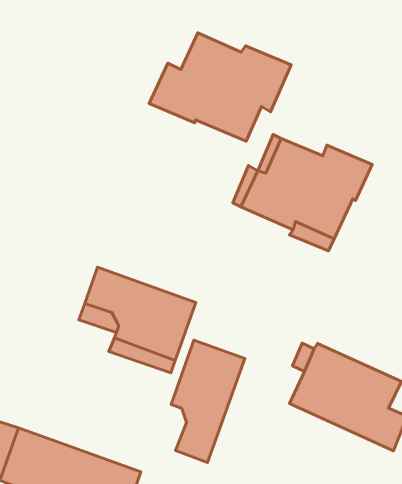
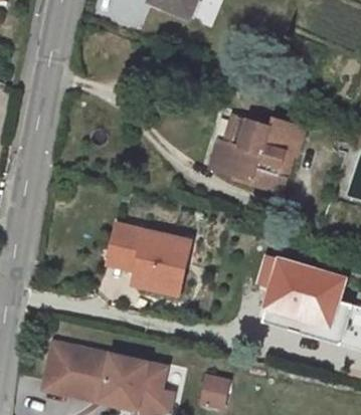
building: [149,33,291,141] -> none
building: [171,340,245,463] -> none

